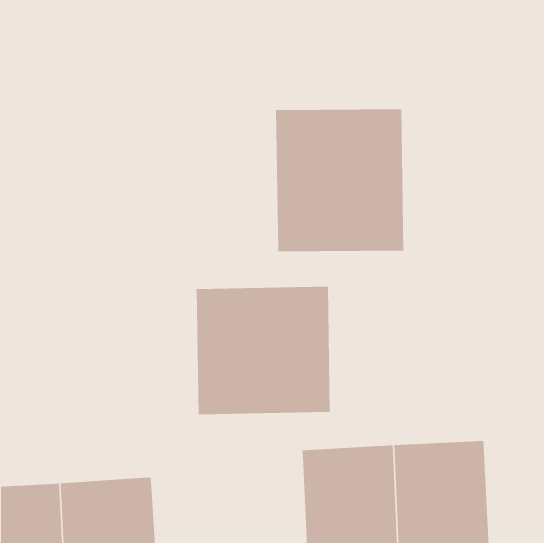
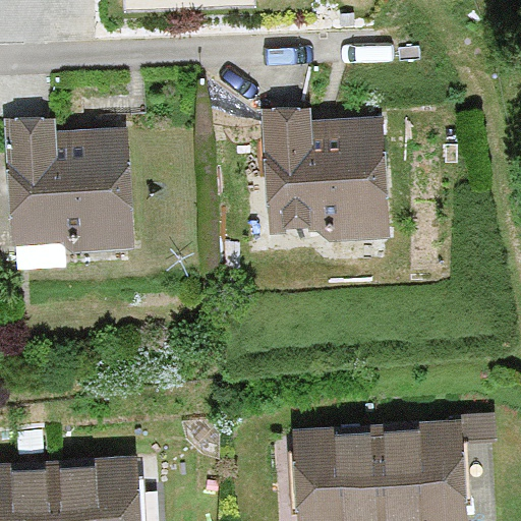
building: none -> [7,119,132,255]
building: [196,286,330,415] -> none

